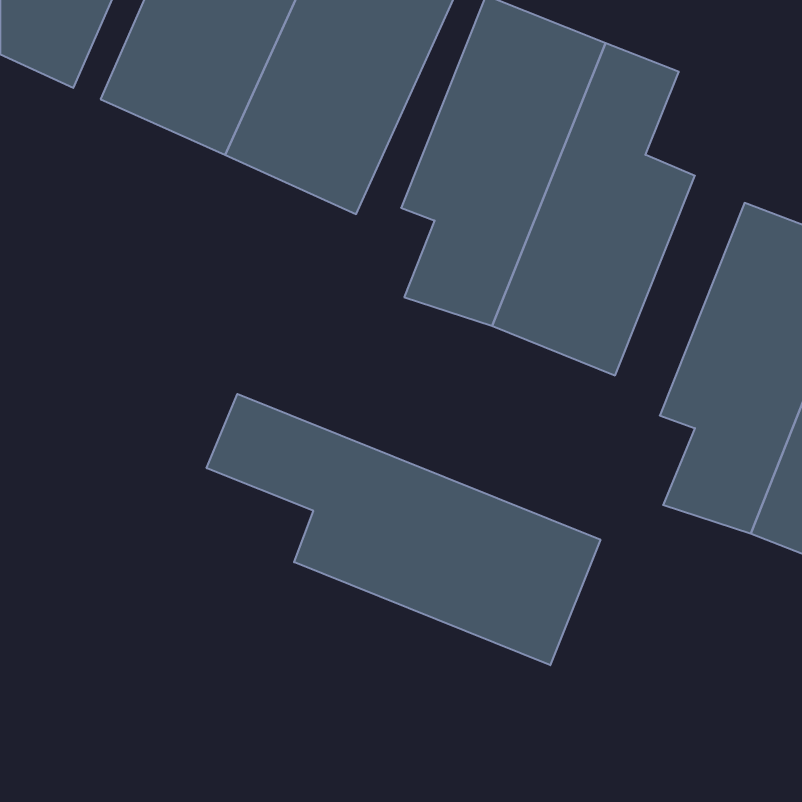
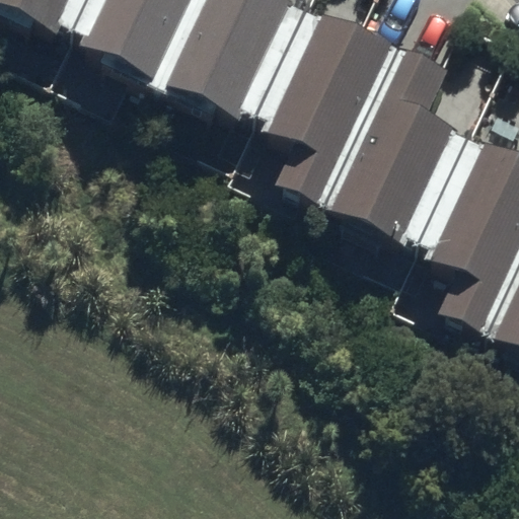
building: [207,394,600,665] -> none

